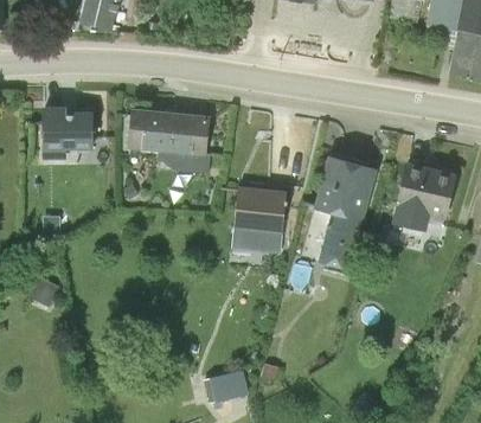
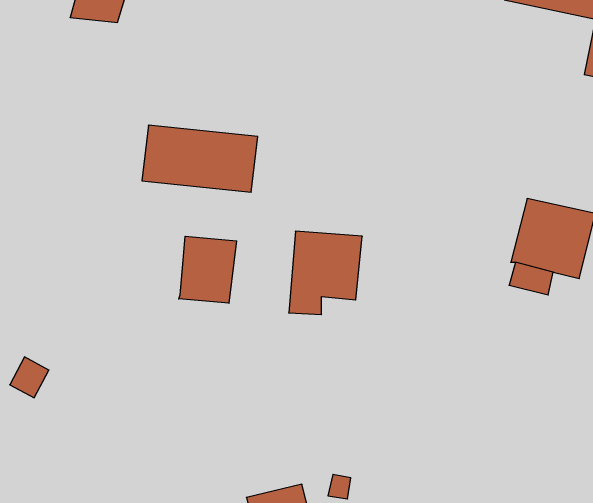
building: [43,116,92,159] -> none
building: [313,155,378,271] -> none
building: none -> [179,236,237,303]

